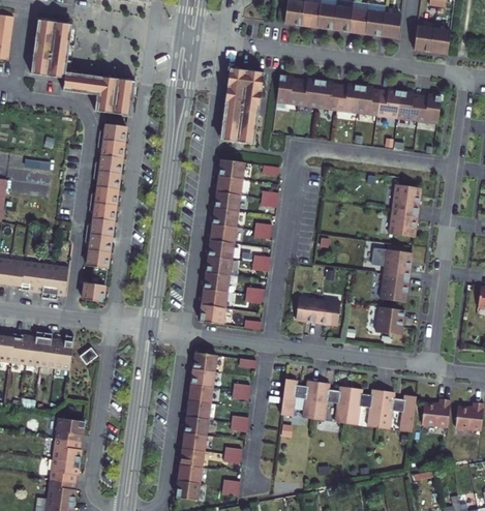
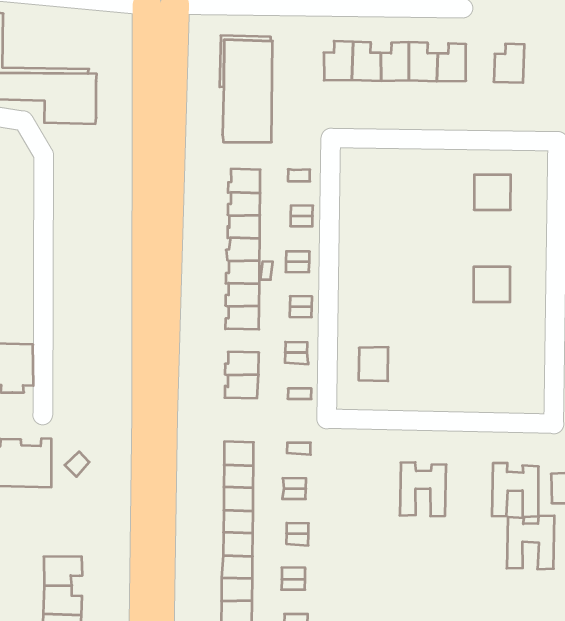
building: [276,74,299,104] -> none
building: [397,91,420,120] -> none
building: [83,123,125,302] -> none
building: [389,209,418,237] -> none
building: [204,272,230,292] -> none
building: [380,274,410,302] -> none
building: [316,299,340,325] -> none
building: [375,306,404,335] -> none
building: [280,379,319,419] -> none
building: [345,387,384,427] -> [507,516,554,569]

